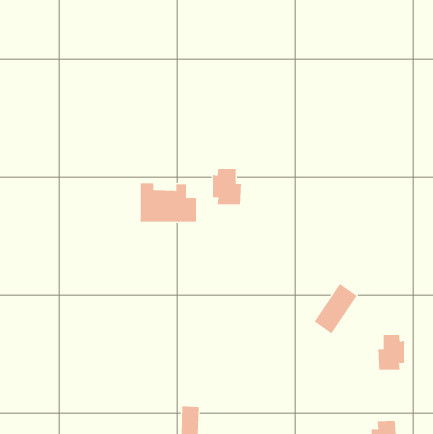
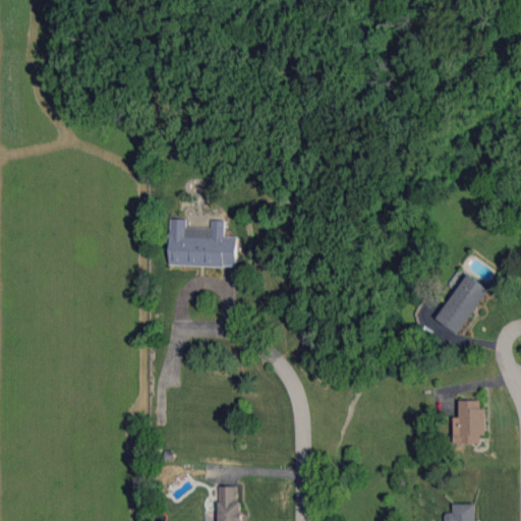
building: [213,168,241,205] -> none
building: [314,283,357,334] -> [436,274,487,335]

